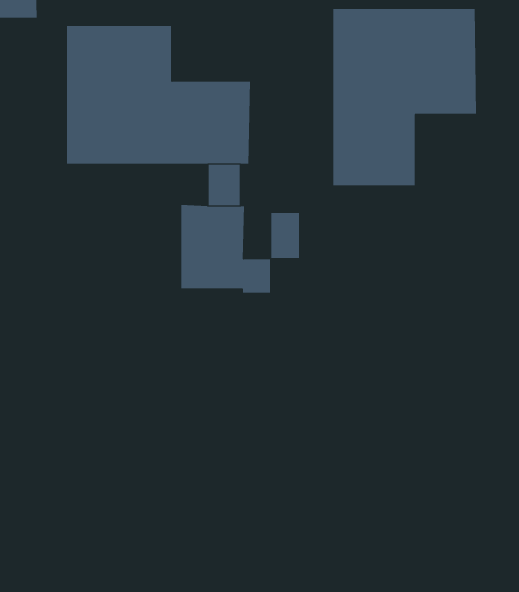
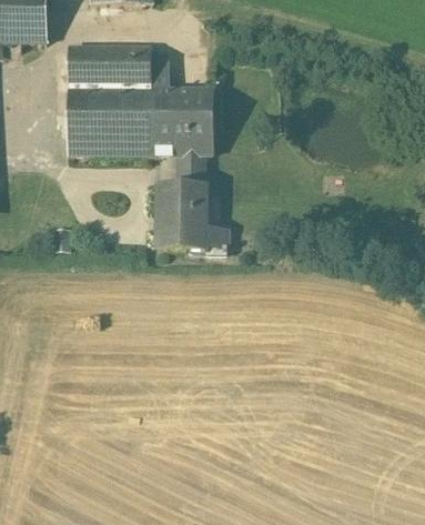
building: [333,8,476,186] -> none
building: [271,212,300,259] -> none

